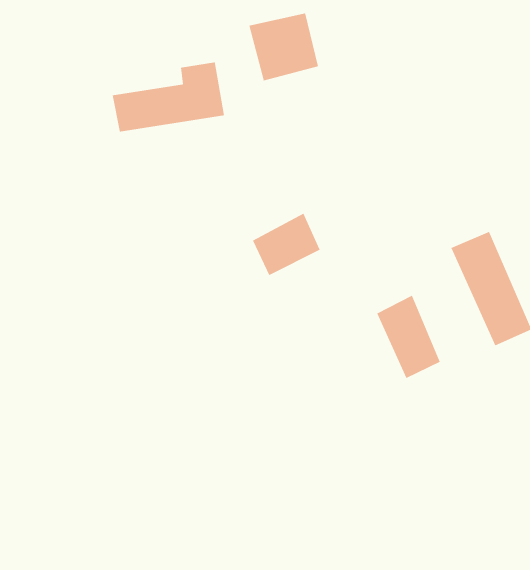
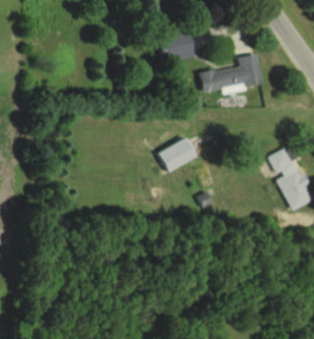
building: [112,62,225,132] -> [201,54,262,92]
building: [376,295,441,379] -> none

